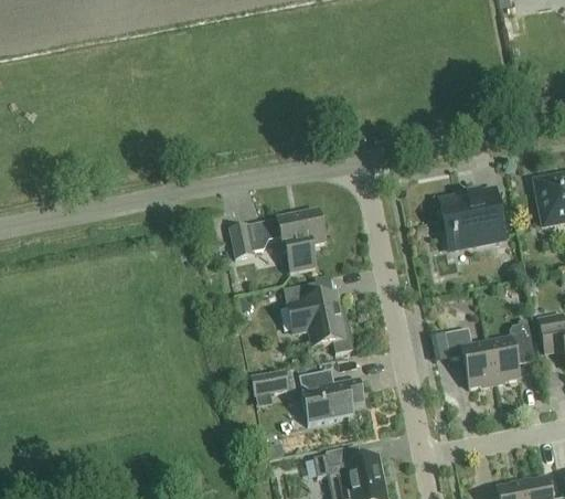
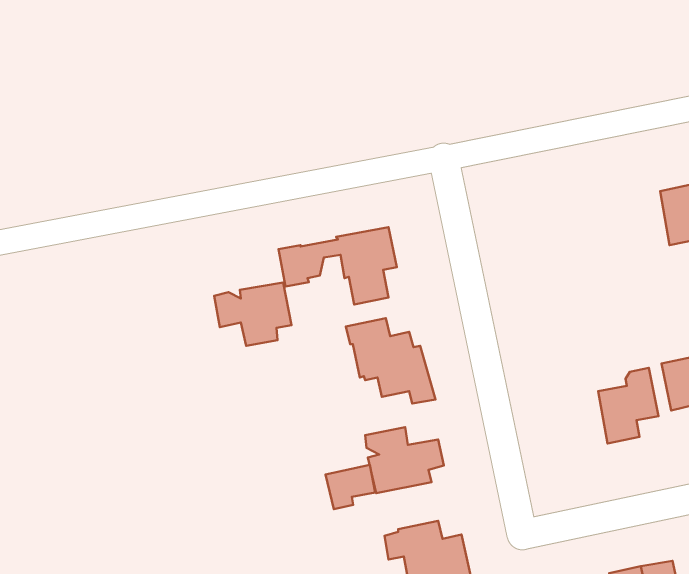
building: [439,190,514,248] -> none
building: none -> [214,282,291,346]
building: [444,328,493,387] -> none
building: [249,368,289,403] -> [326,465,375,509]

